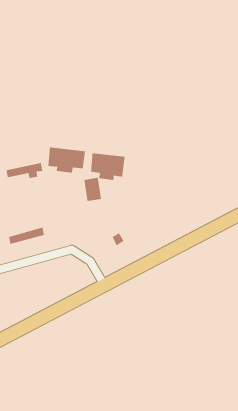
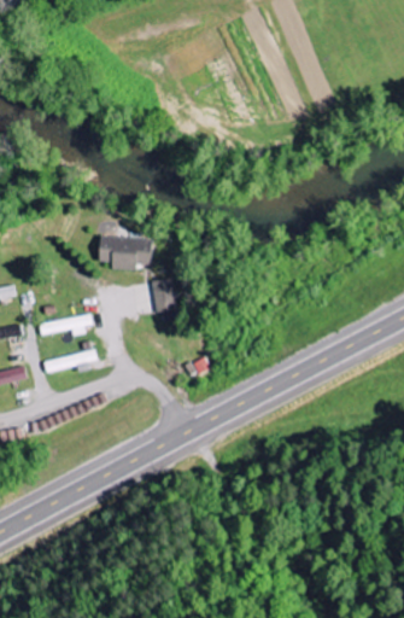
building: [90,153,125,181] -> none
building: [5,163,43,179] -> [39,313,93,336]

